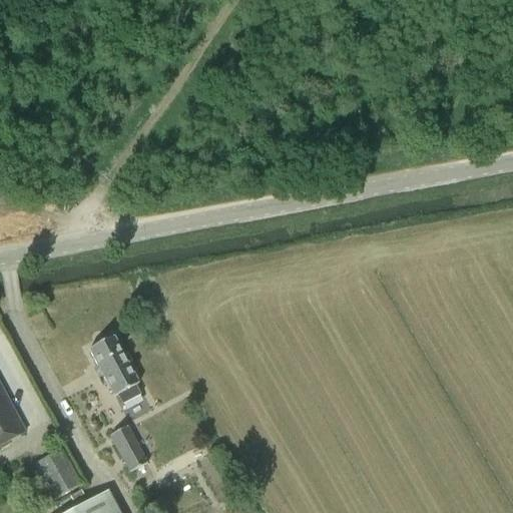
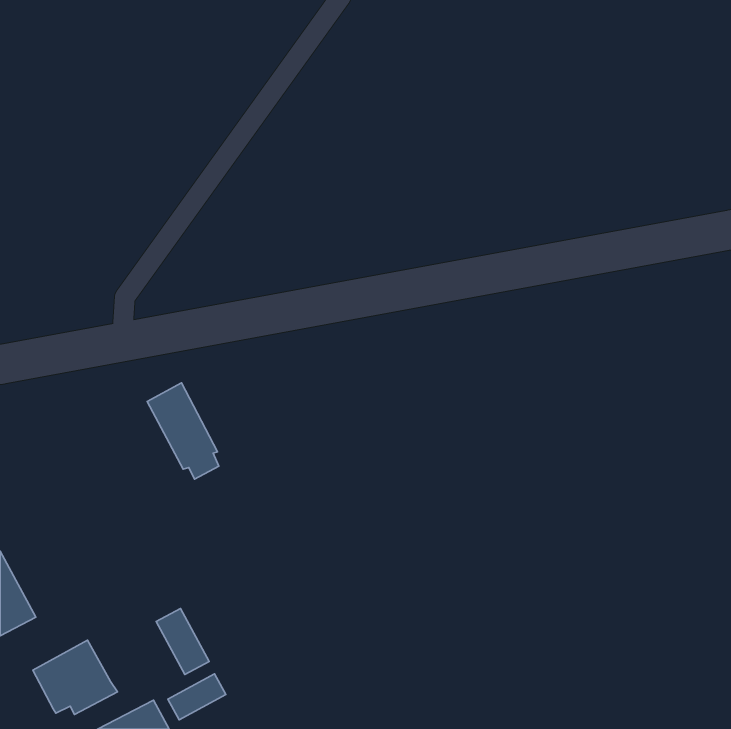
building: [89,335,139,402] -> [147,383,219,479]
building: none -> [168,674,226,720]

